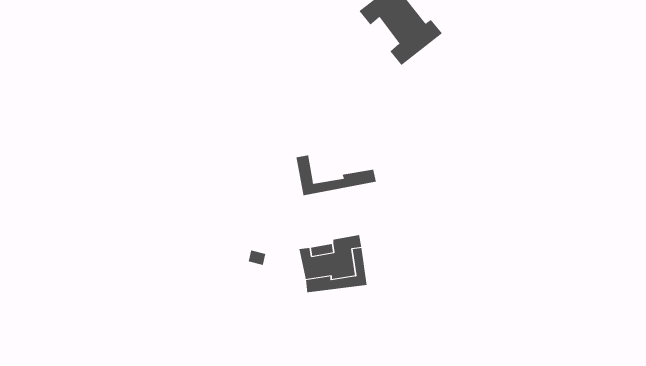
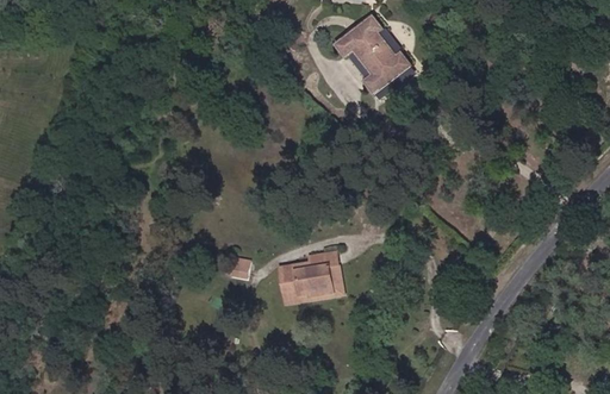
building: [296,154,376,196] -> none

